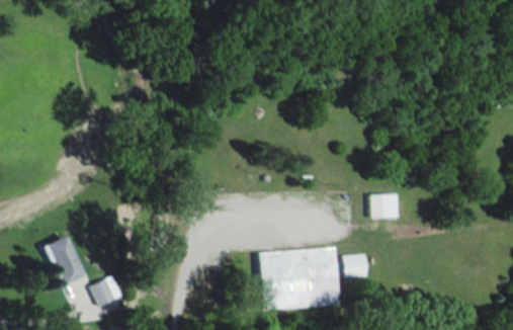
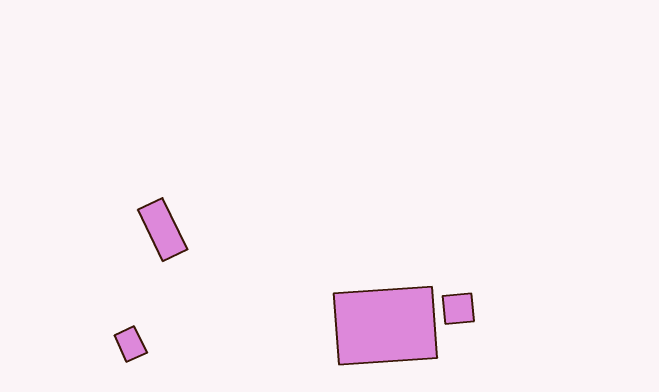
building: [370,195,392,218] -> none
building: [51,235,89,283] -> [138,198,188,261]

